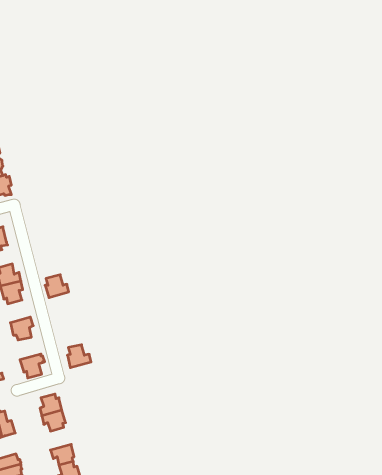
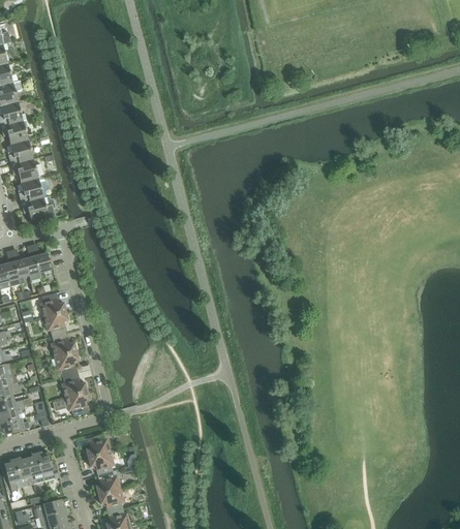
building: [45,275,69,298] -> [50,332,75,356]
building: [67,345,91,368] -> [61,372,87,397]
building: none -> [95,470,120,495]

